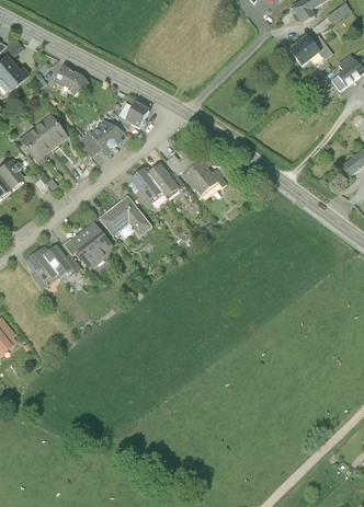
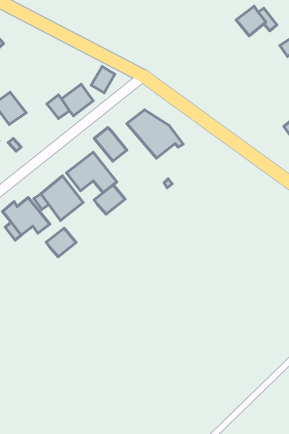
building: [54,64,91,96] -> none
building: [36,113,72,150] -> none
building: [149,160,183,197] -> none
building: none -> [94,185,125,214]
building: none -> [46,228,76,257]

